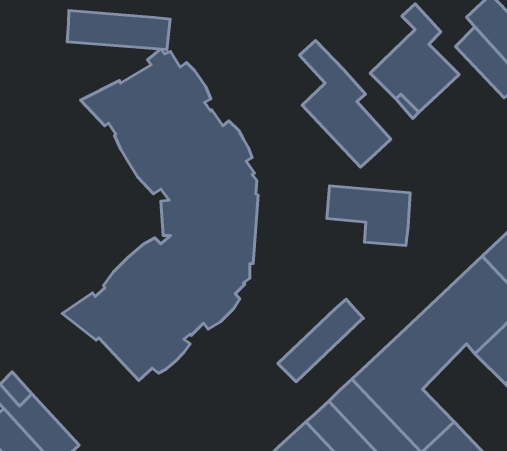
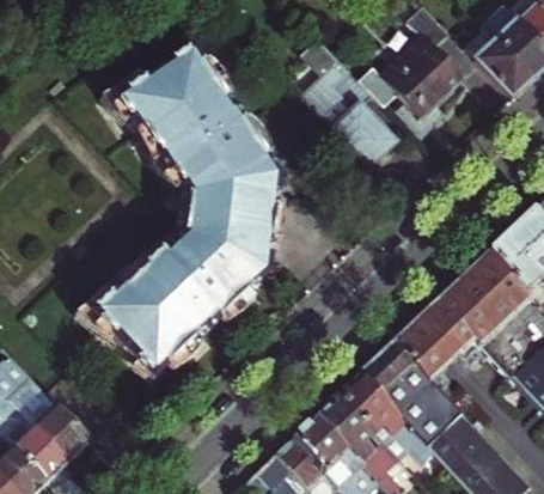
building: [67,11,170,50] -> none
building: [327,186,410,245] -> none
building: [278,299,363,382] -> none

